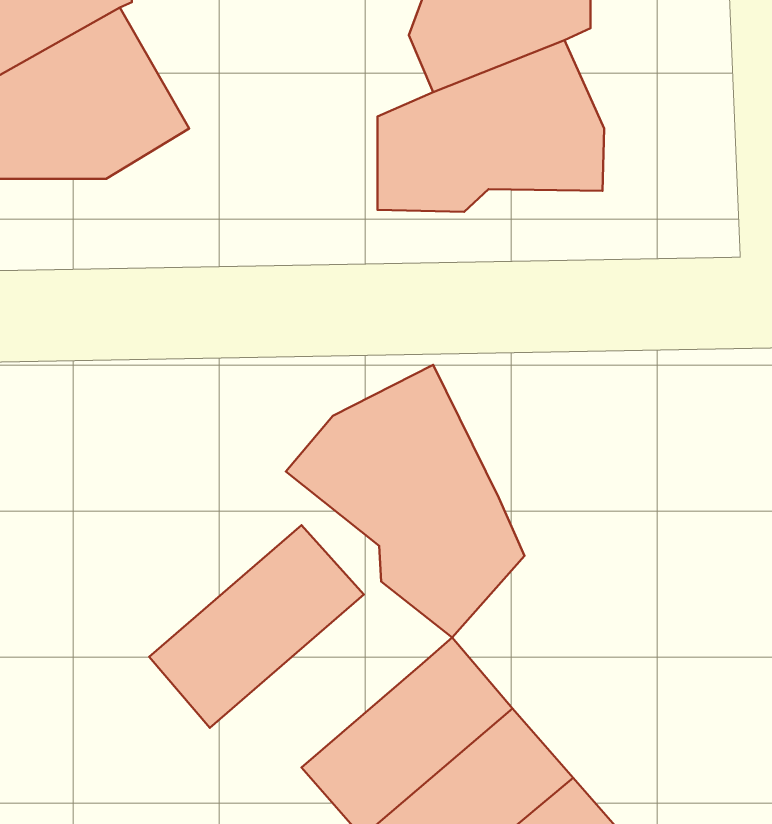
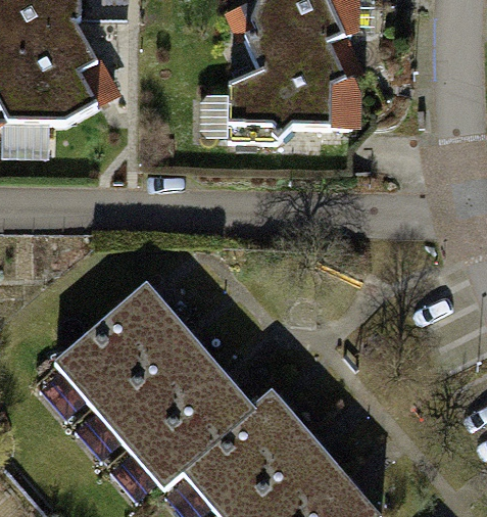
building: [286,365,524,638] -> none
building: none -> [55,283,182,404]
building: none -> [128,367,253,485]

